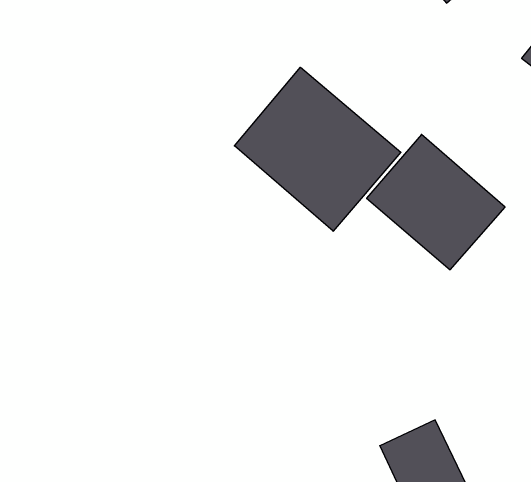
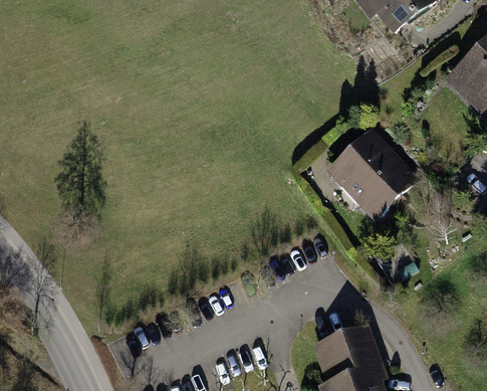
building: [234,67,401,231] -> none

